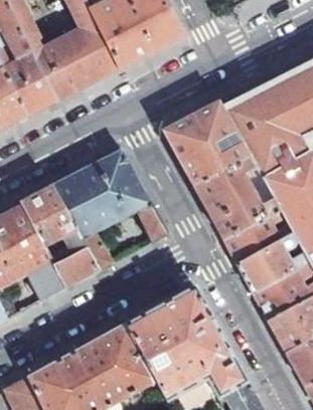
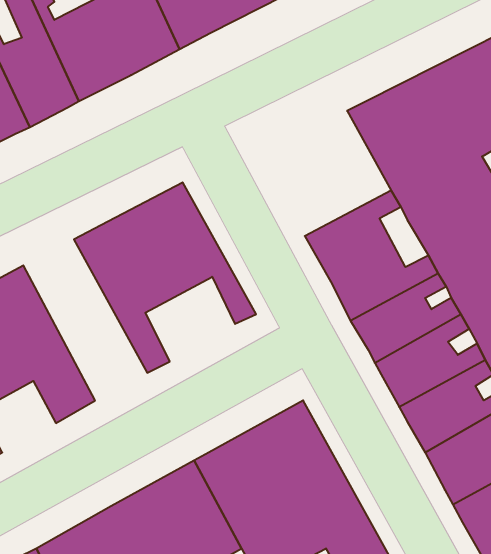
building: [163,101,248,185] -> none
building: [20,187,97,286] -> none

